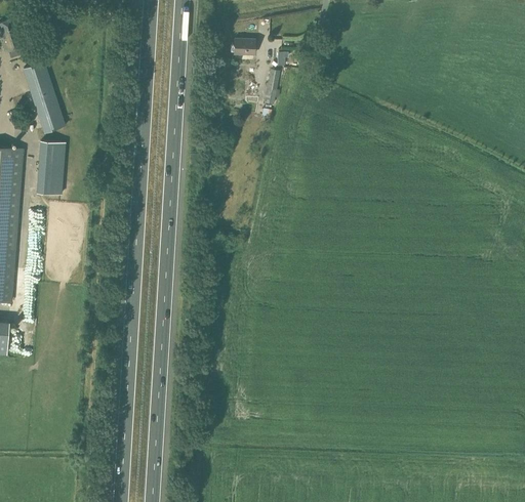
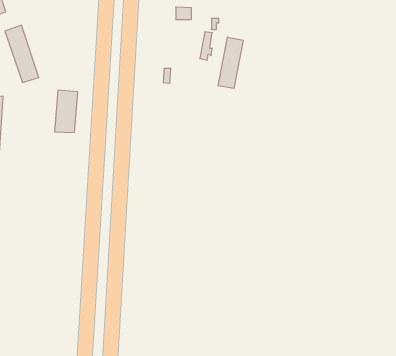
building: none -> [218,37,243,88]
building: [36,141,65,194] -> [55,90,78,133]

